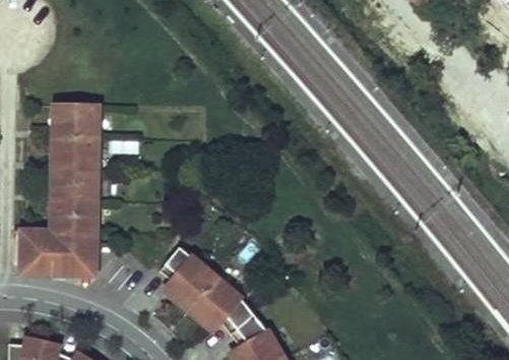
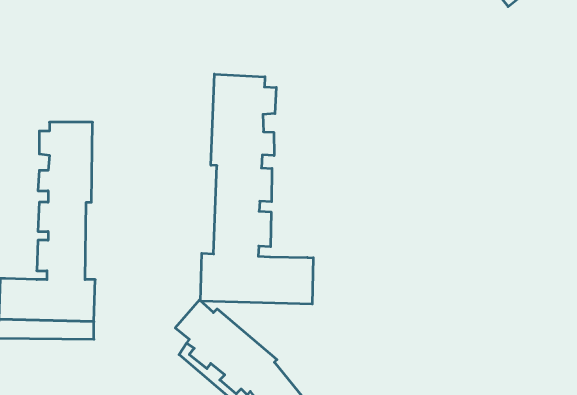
building: none -> [201,74,313,304]

